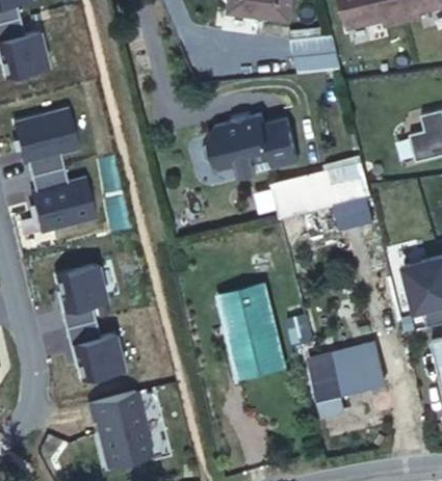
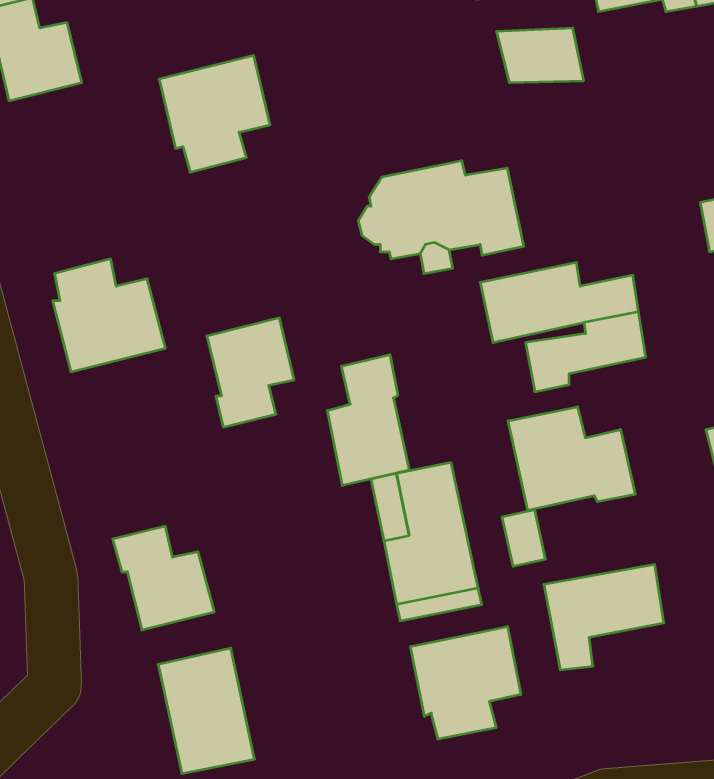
building: [17,110,80,177] -> [159,56,270,172]
building: none -> [327,354,409,486]
building: none -> [508,407,635,511]
building: [58,266,108,328] -> [207,318,294,427]
building: none -> [411,626,521,739]

